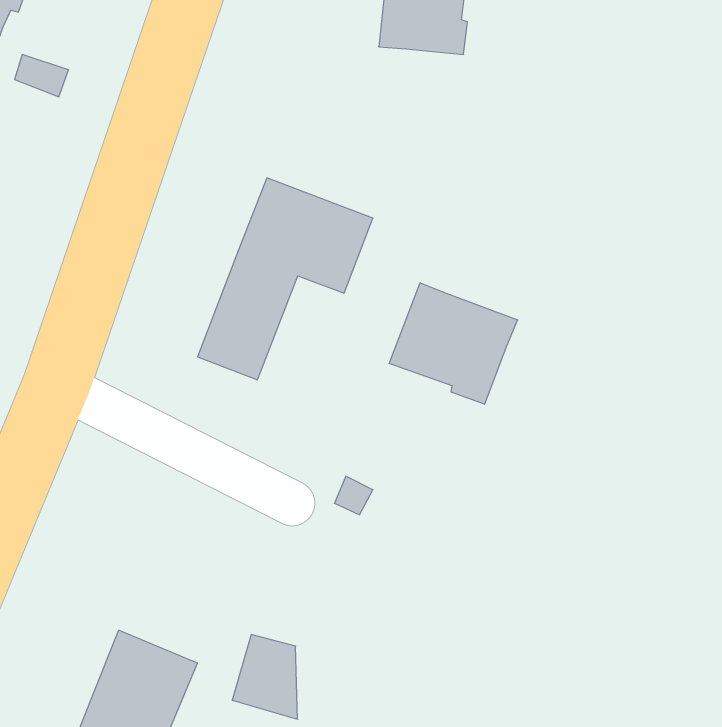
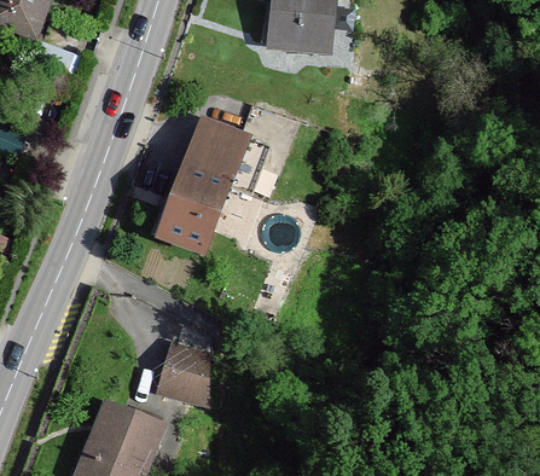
building: [389,283,517,404] -> none
building: [232,635,298,719] -> [158,347,199,400]

